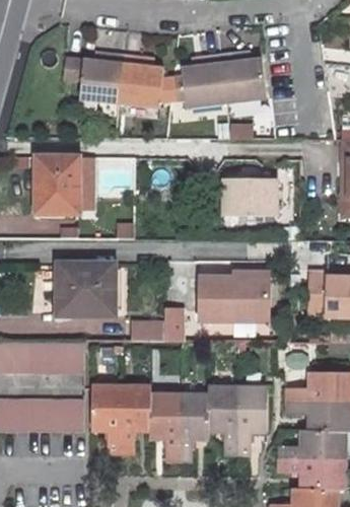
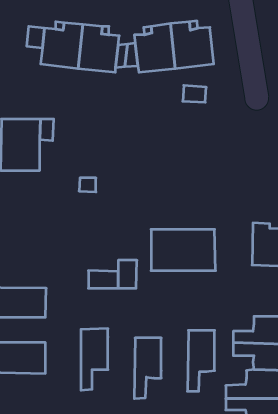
building: [223,179,276,215] -> none
building: [56,263,114,316] -> none
building: [92,384,122,451] -> none
building: [209,386,238,452] -> none
building: [150,393,181,460] -> none

